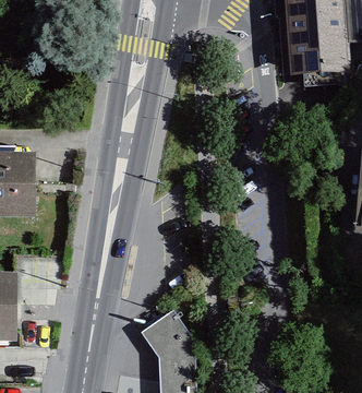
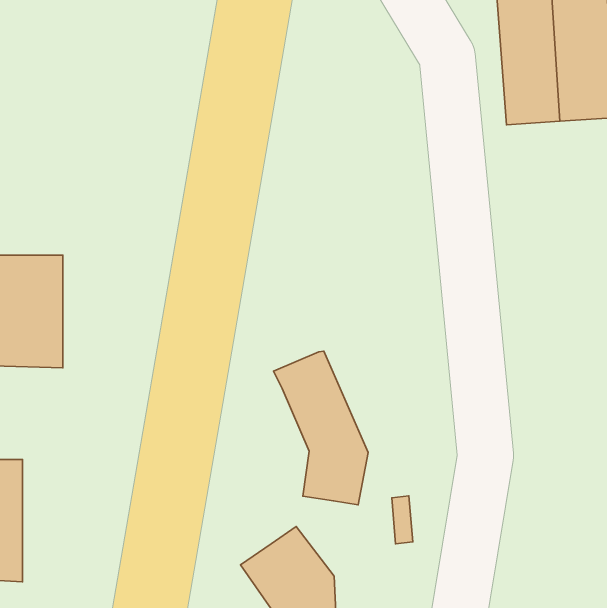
building: none -> [273,351,368,505]

